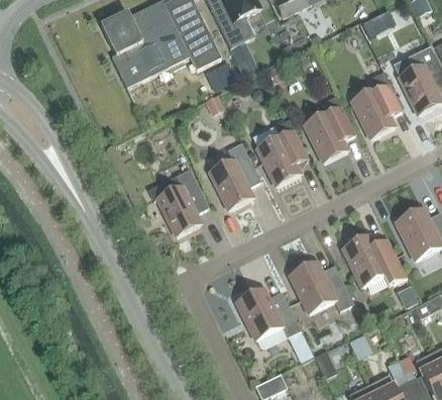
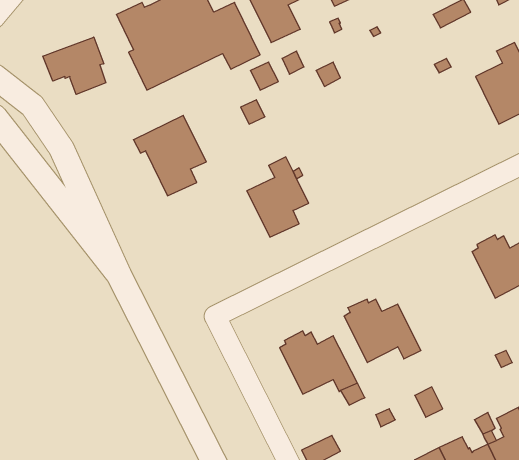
building: none -> [43,37,106,94]
building: [350,72,402,138] -> none
building: [303,95,354,163] -> none
building: [255,118,307,186] -> none
building: [146,169,207,235] -> [133,115,206,196]
building: [341,233,406,287] -> none

